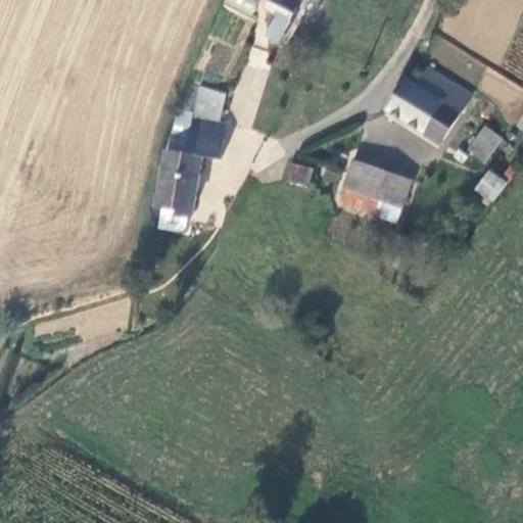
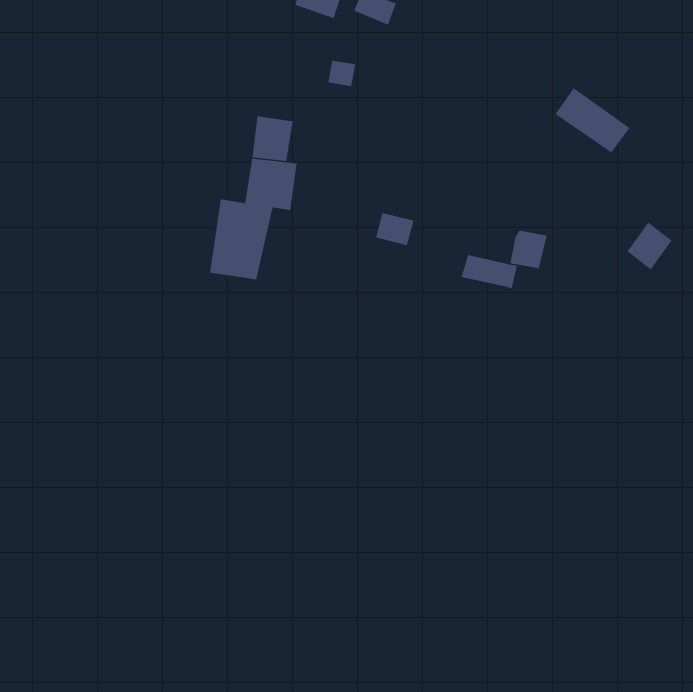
building: [389,79,460,141] -> none
building: [464,122,503,162] -> none
building: [343,164,390,198] -> none

